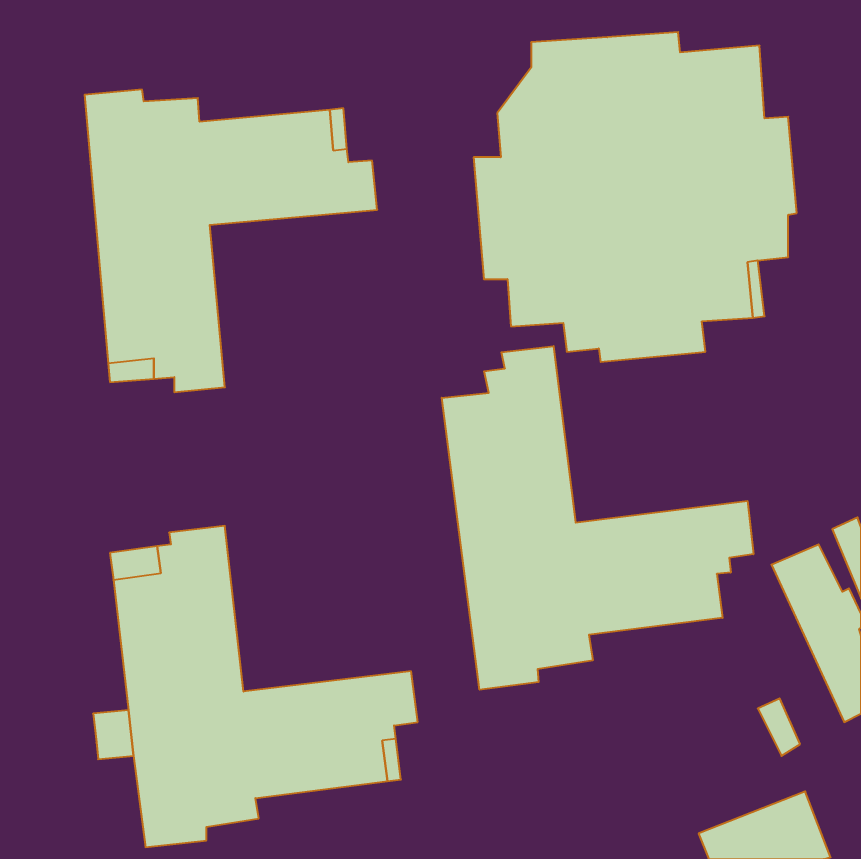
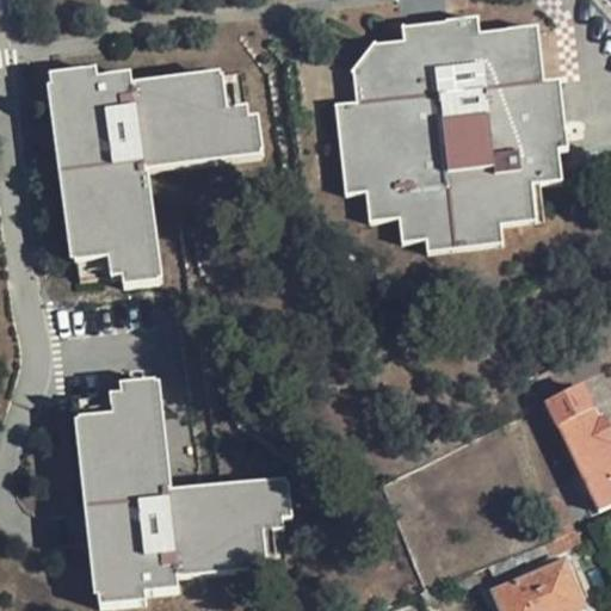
building: [442,346,753,690] -> none

